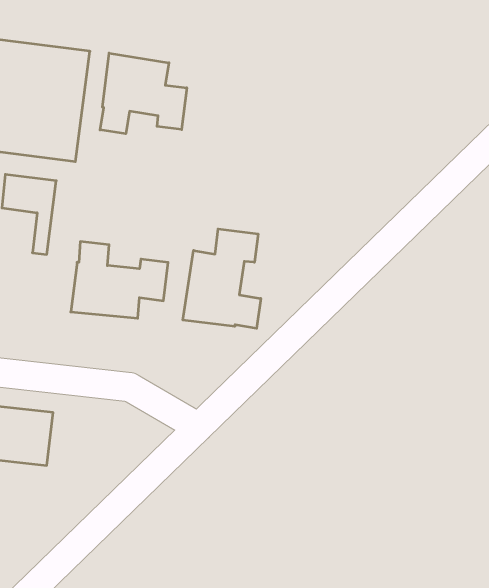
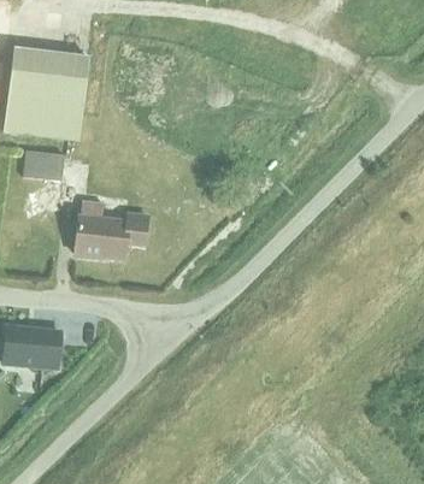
building: [100,53,187,134] -> none
building: [183,229,261,328] -> none

